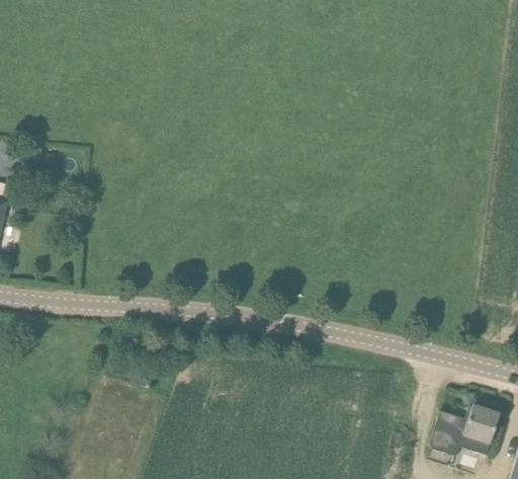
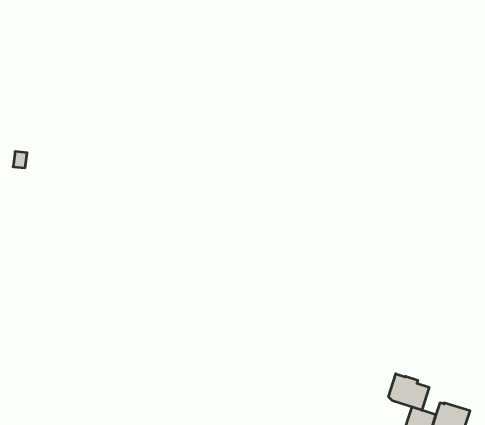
building: none -> [389,374,429,410]

